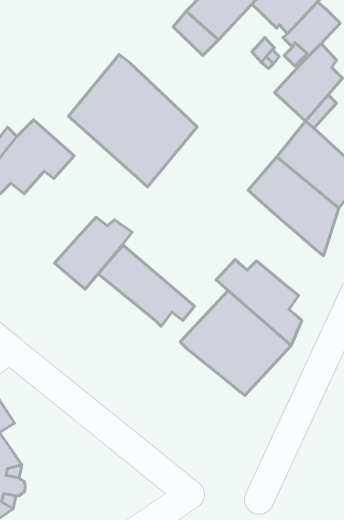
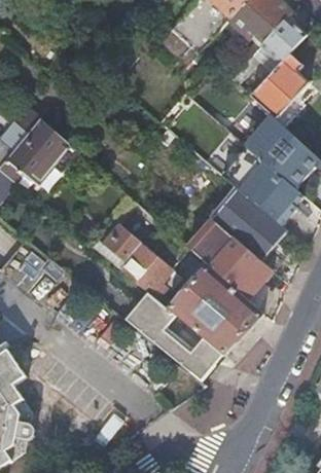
building: [68,55,197,187] -> none
building: none -> [220,195,284,259]
building: [55,217,132,289] -> none
building: none -> [123,290,222,380]

